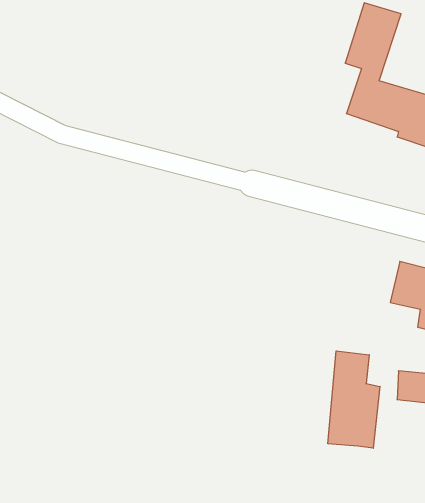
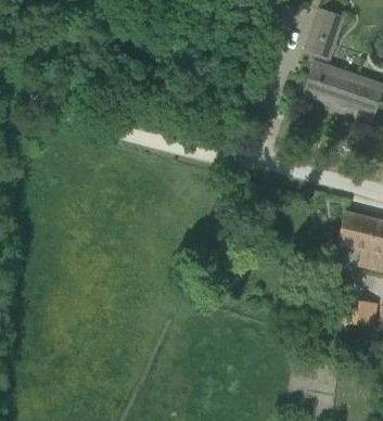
building: [328,351,380,448] -> none

